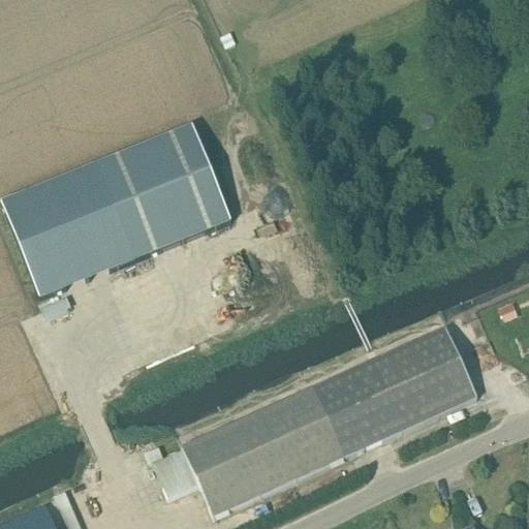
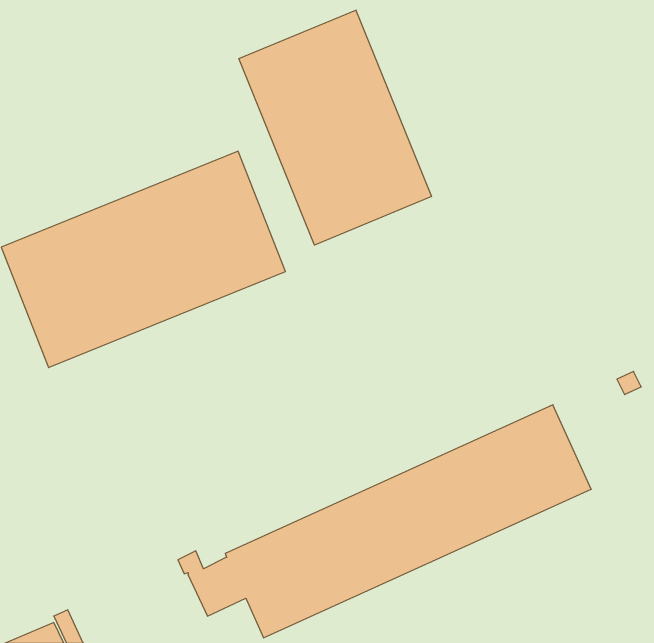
building: none -> [239,10,431,245]

